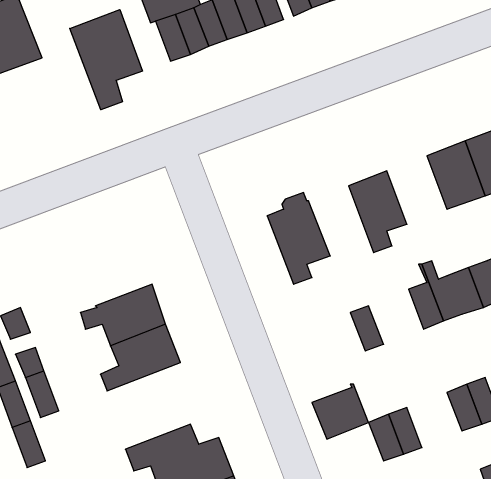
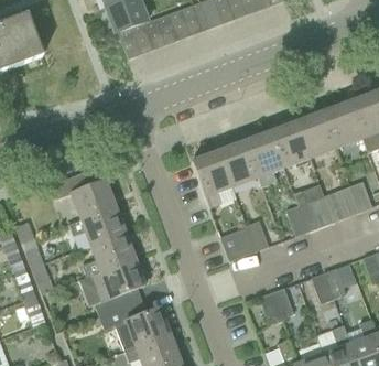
building: [70,10,143,110] -> none
building: none -> [271,121,311,166]
building: none -> [219,141,262,187]
building: none -> [50,171,116,220]
building: none -> [86,258,149,315]
building: [312,384,369,439] -> [219,225,257,261]

